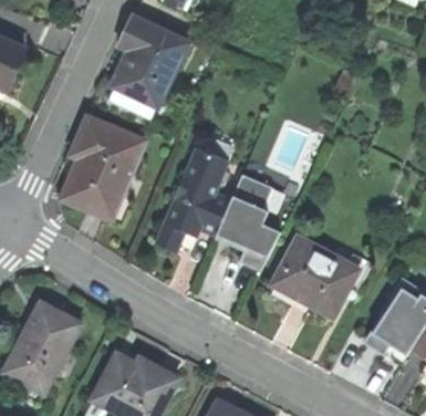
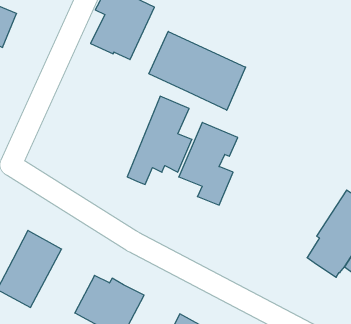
building: none -> [149,31,246,110]
building: [62,115,144,220] -> none
building: [274,235,373,315] -> none

